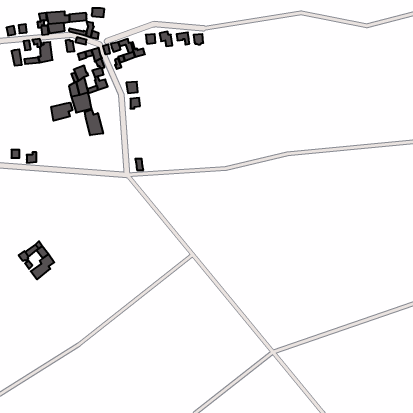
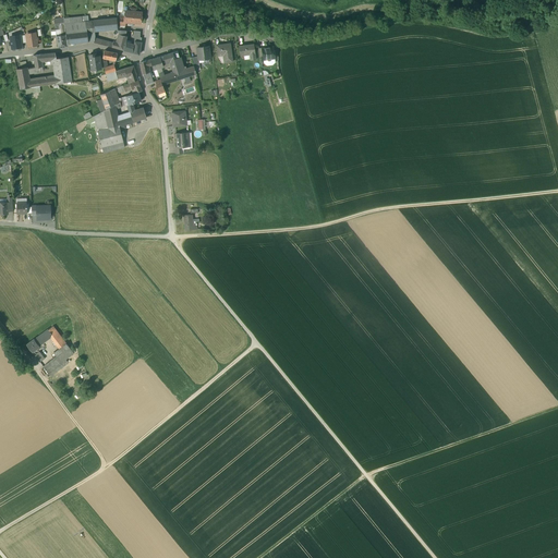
building: [51,103,73,121] -> none
building: [85,109,103,135] -> none

